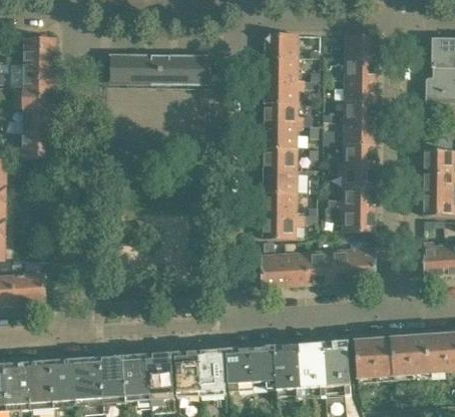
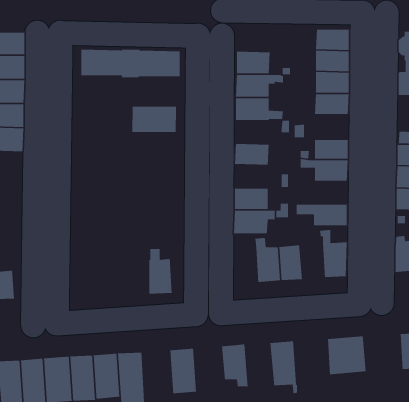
building: [265,33,299,57] -> none
building: none -> [131,106,178,133]
building: [342,119,376,143] -> none
building: [264,125,298,148] -> none
building: [263,168,297,191] -> none
building: [328,185,375,207] -> none
building: [262,241,286,287] -> [148,248,173,295]
building: [328,247,352,283] -> none
building: [391,336,429,374] -> none
building: [322,342,350,394] -> none
building: [274,345,302,398] -> none
building: [225,348,253,392] -> none
building: [175,352,201,397] -> none

